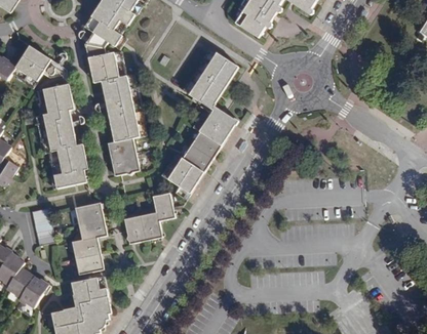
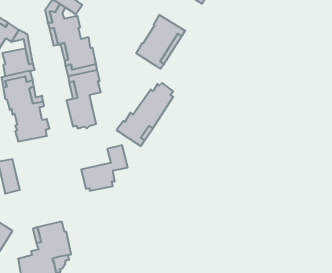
building: [194,105,236,138] -> none
building: [73,202,107,274] -> none

